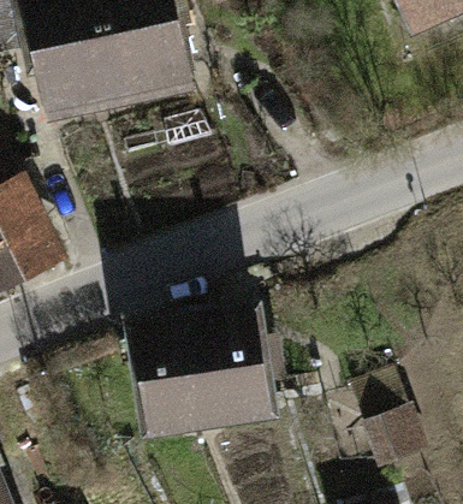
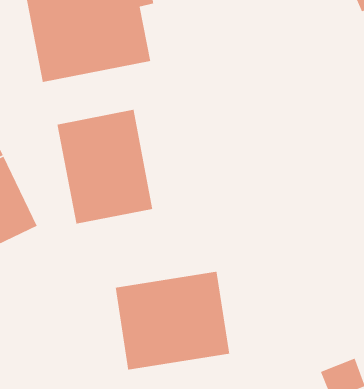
building: none -> [57,109,153,225]

